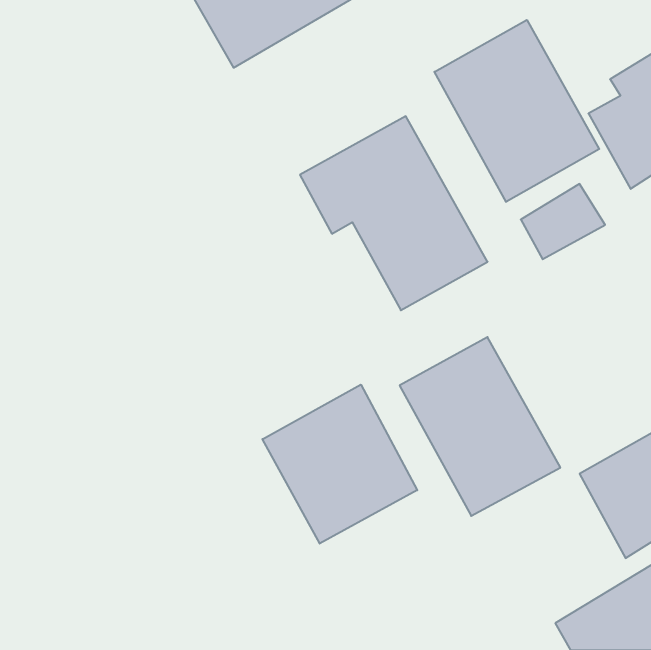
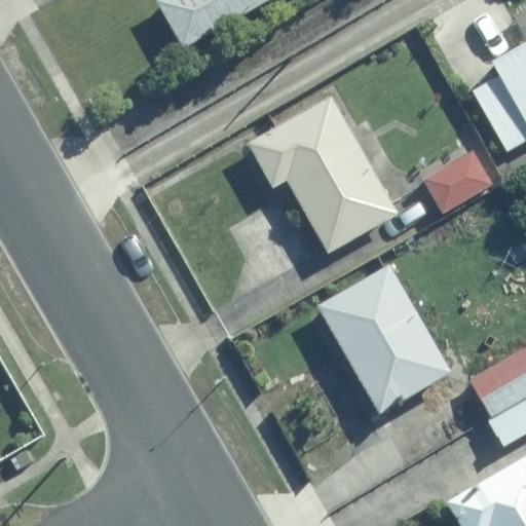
building: [434,20,599,202] -> none
building: [262,385,417,544] -> none

